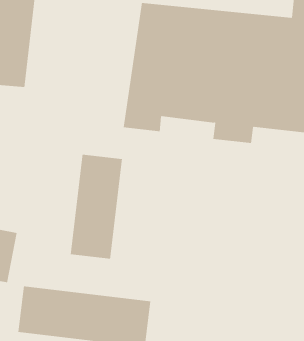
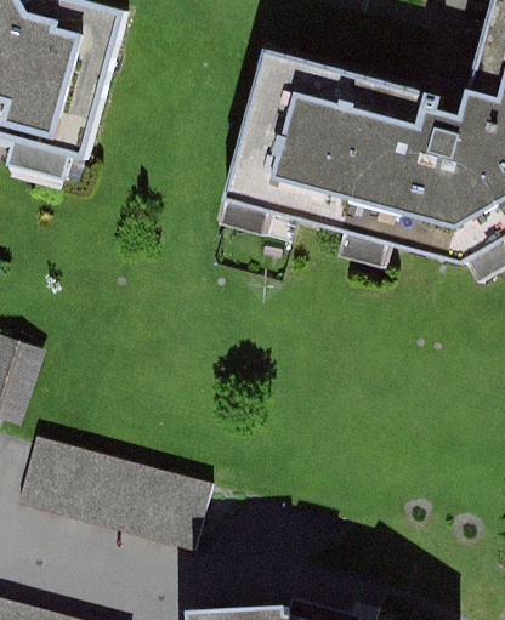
building: [70,154,123,260] -> none

